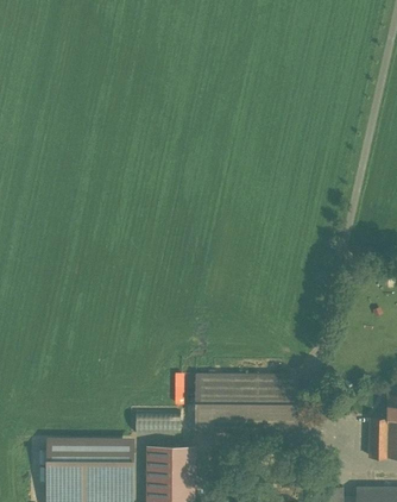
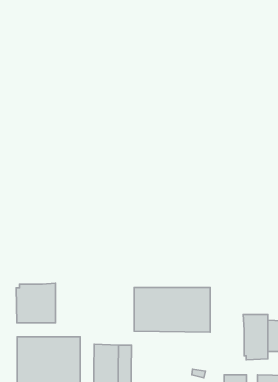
building: none -> [16,283,55,323]
building: none -> [243,315,268,360]

